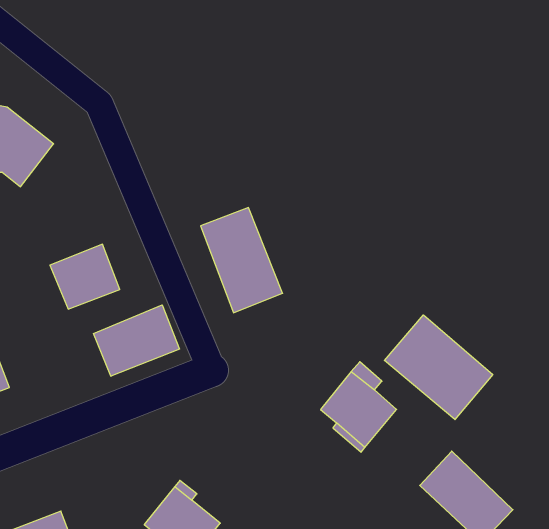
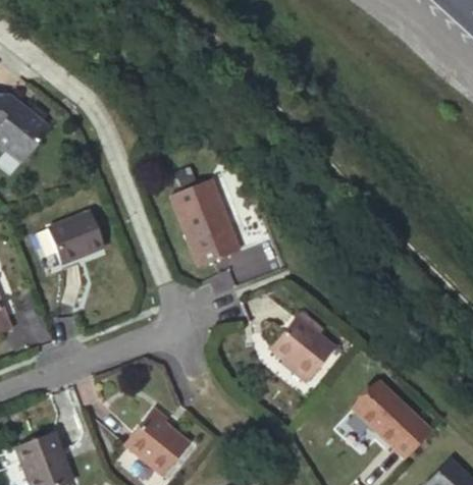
building: [93,305,179,376] -> none
building: [384,315,493,420] -> none

